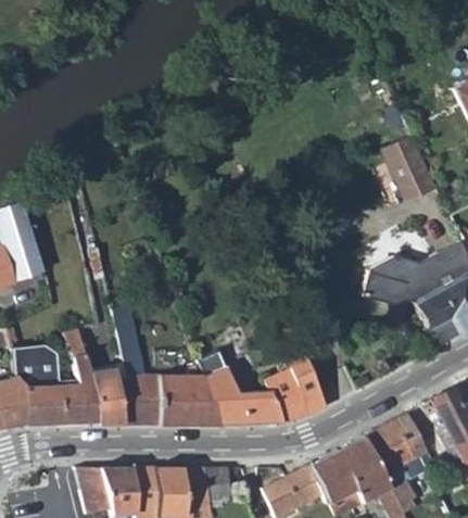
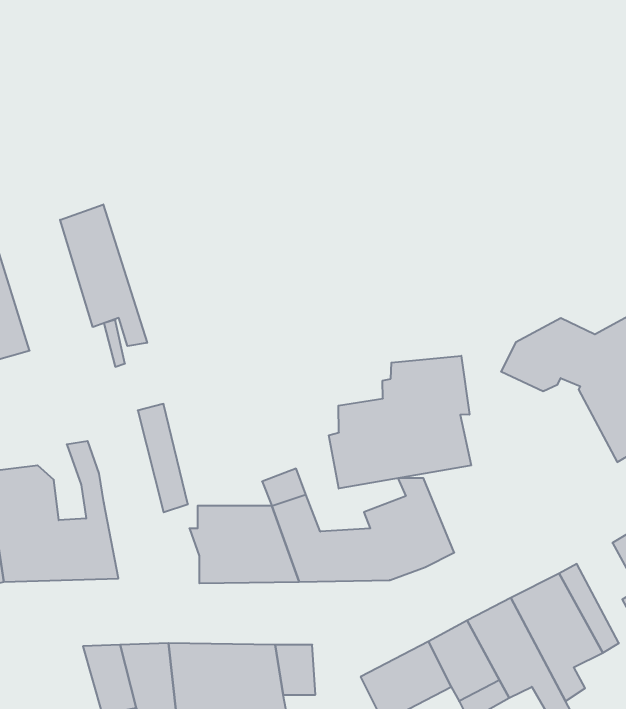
building: [377,135,435,203] -> none
building: none -> [60,204,147,346]
building: none -> [329,356,471,489]
building: [90,369,154,427] -> none

